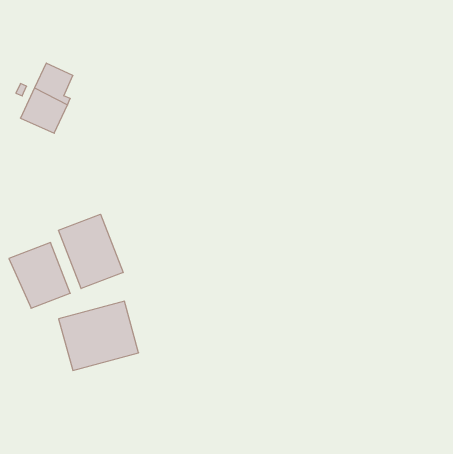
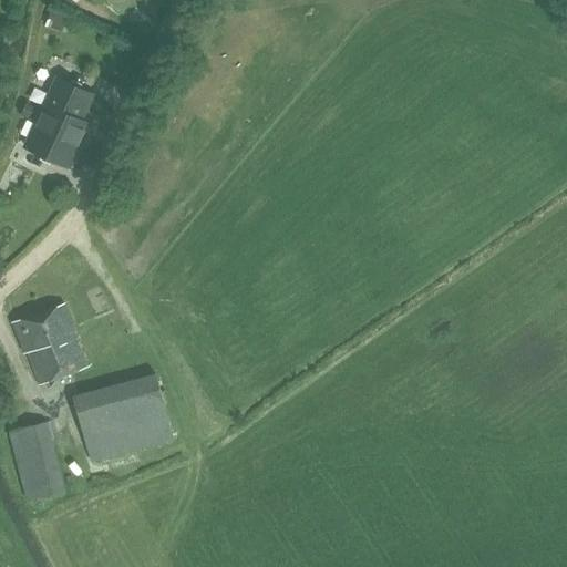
building: [59,214,123,289] -> none
building: none -> [8,422,65,502]

